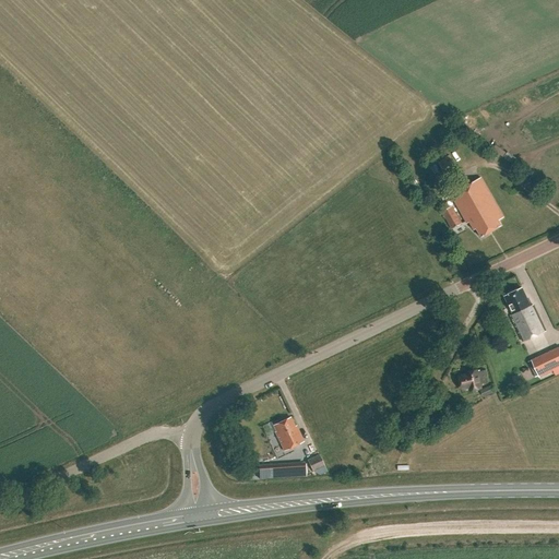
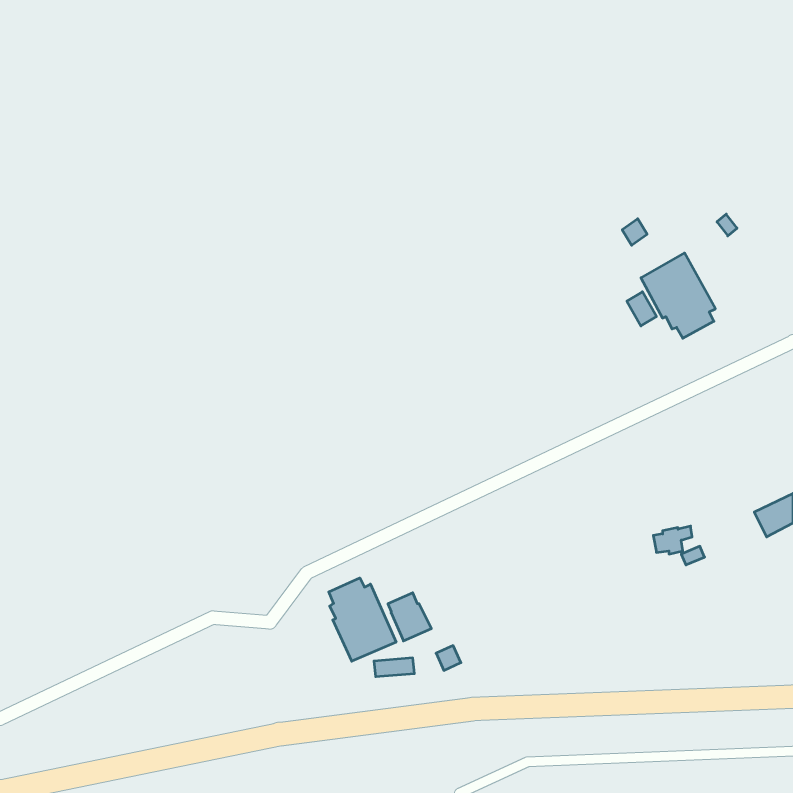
building: [506,288,546,342] -> none
building: none -> [329,578,396,661]

